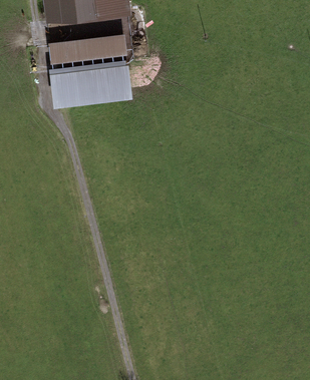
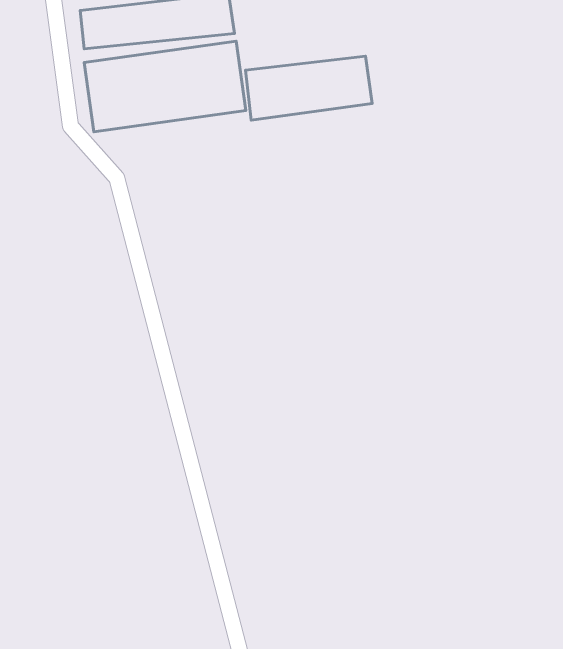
building: none -> [246,56,372,120]

